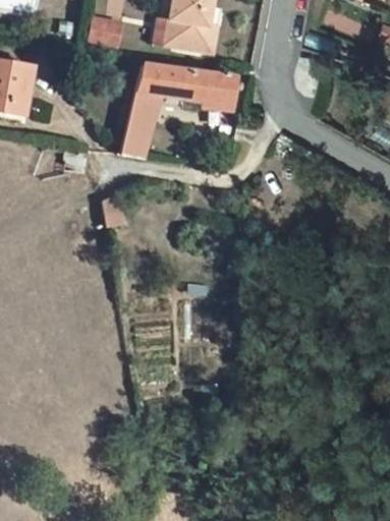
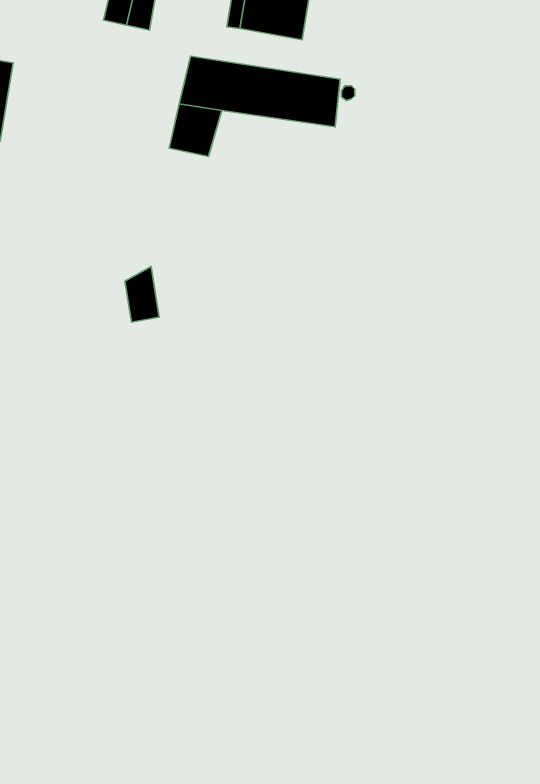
building: [119,119,153,159] -> none

